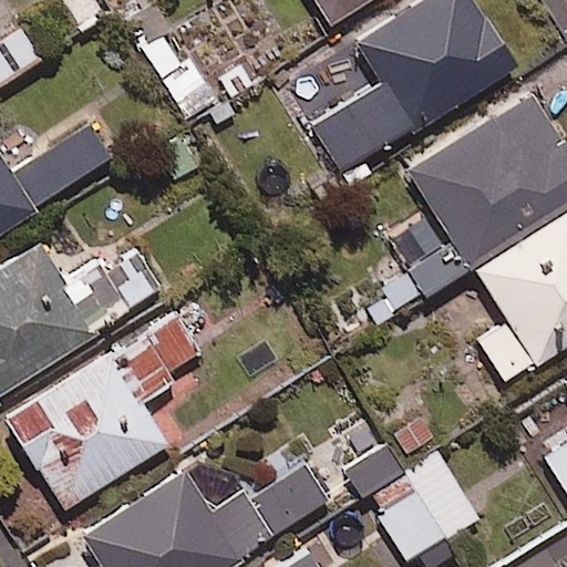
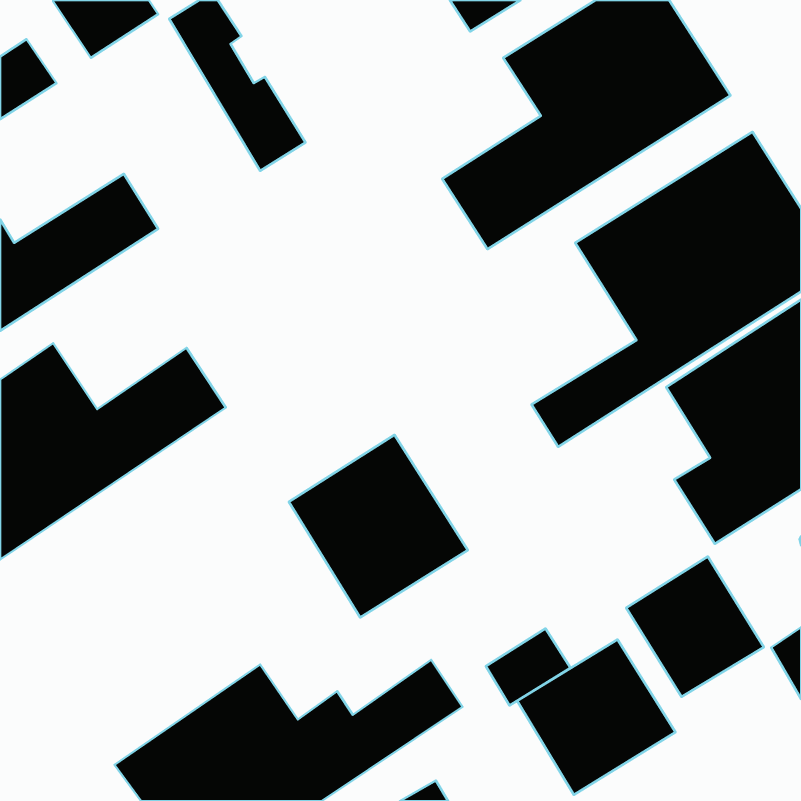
building: none -> [289,435,468,617]
building: [6,312,198,509] -> none
building: none -> [626,556,764,697]

